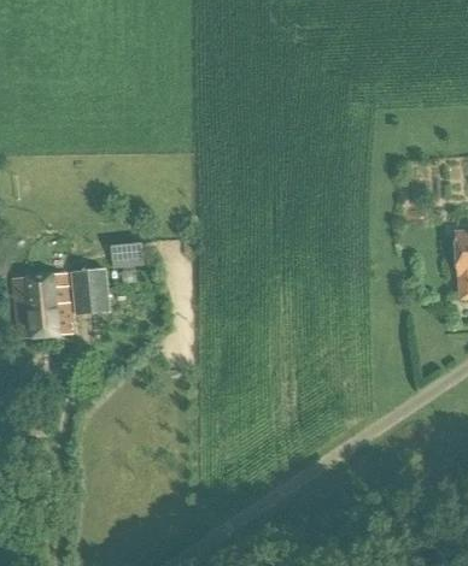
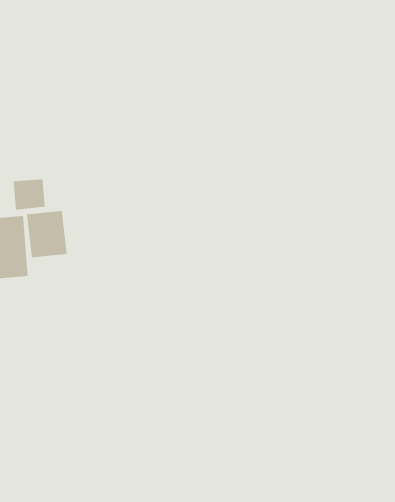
building: [111,236,144,267] -> [13,179,46,210]

